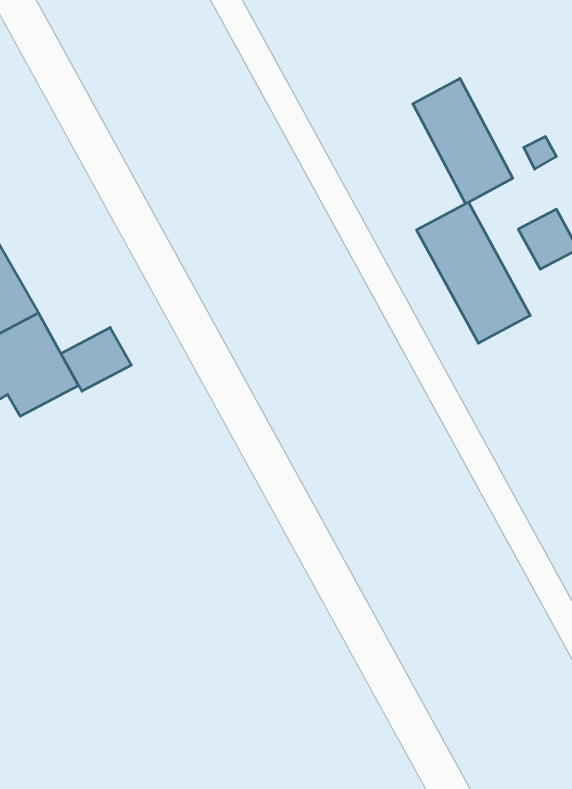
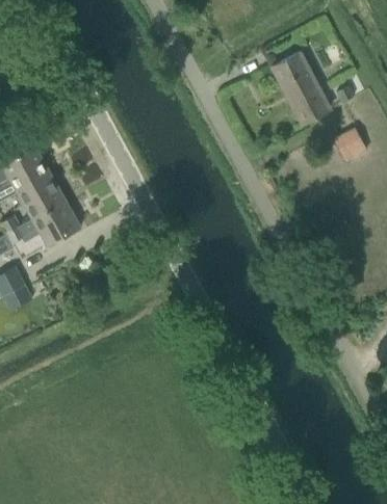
building: [417,202,530,343] -> none
building: [61,327,131,391] -> none

